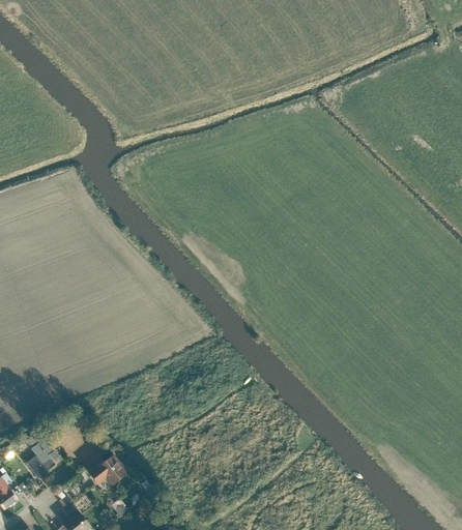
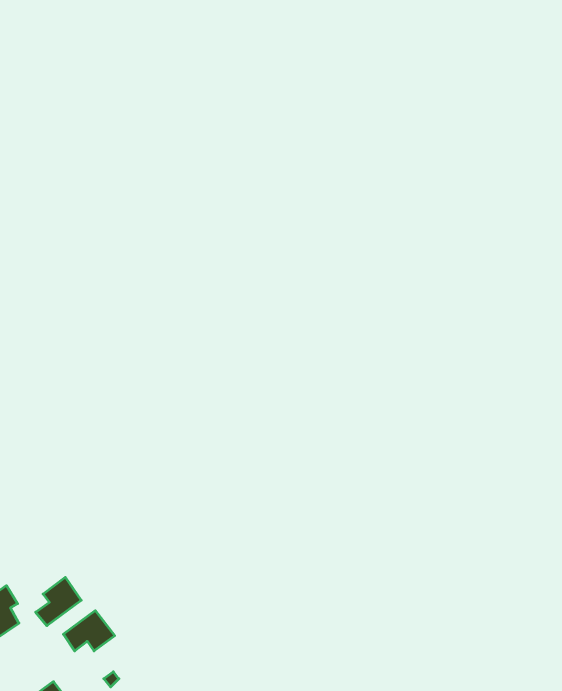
building: none -> [36,577,81,626]

